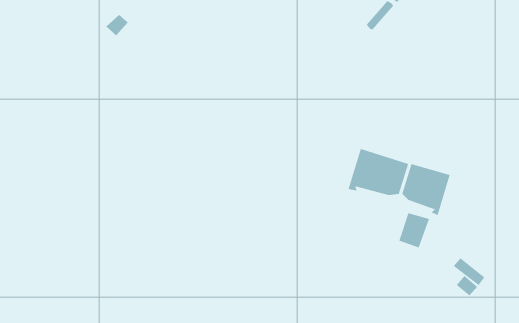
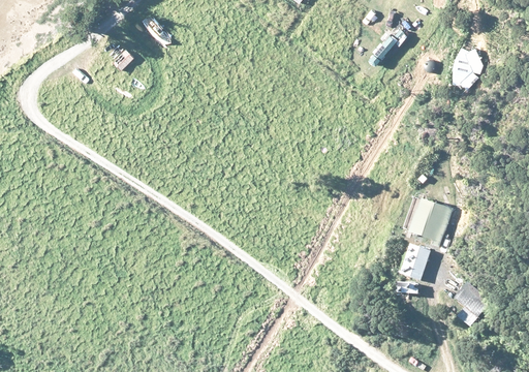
building: none -> [459,49,481,88]
building: [348,148,409,196] -> none

